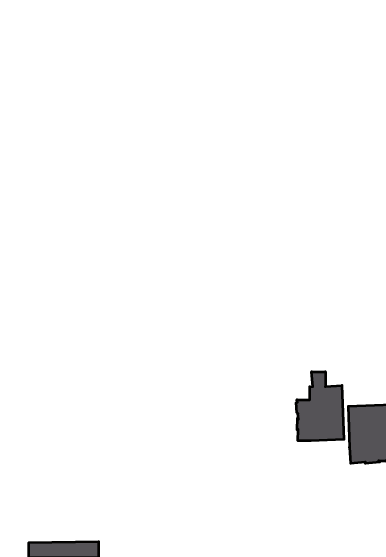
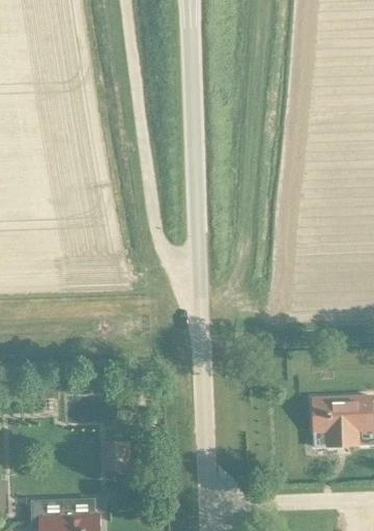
building: [296,372,344,441] -> none

